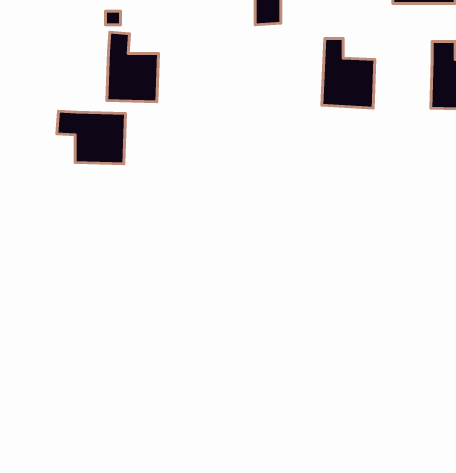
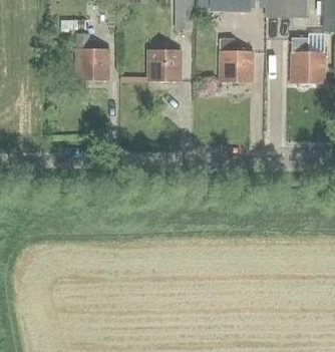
building: none -> [146,50,182,83]
building: [57,111,125,164] -> none

